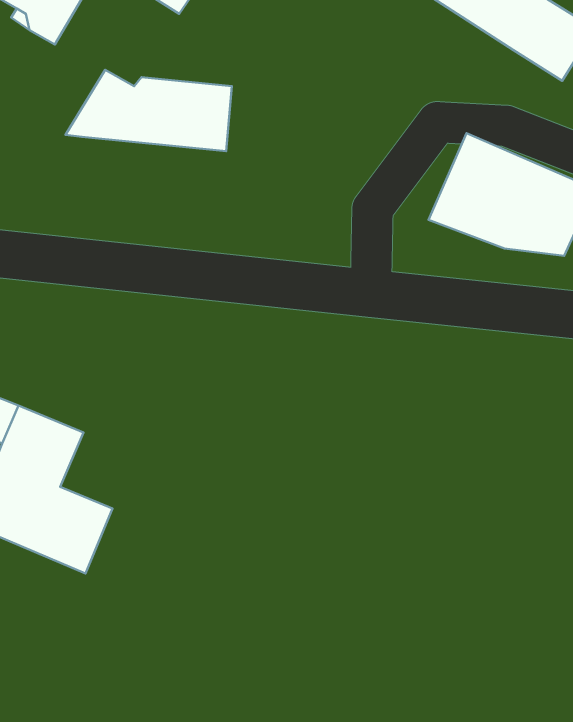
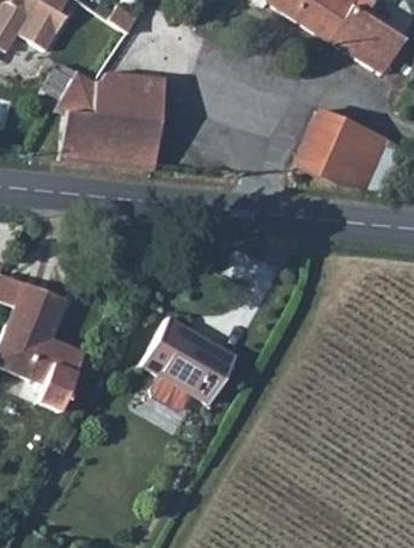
building: none -> [60,110,160,168]
building: none -> [141,318,236,404]

